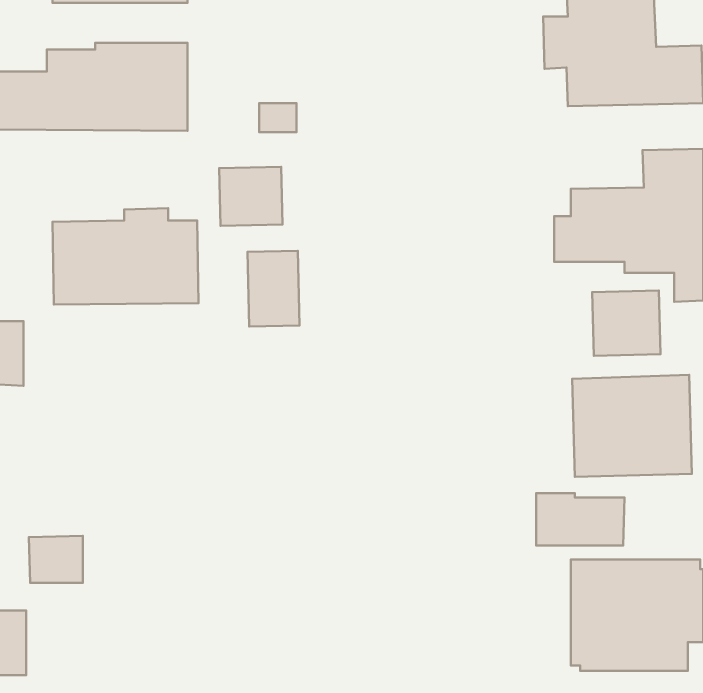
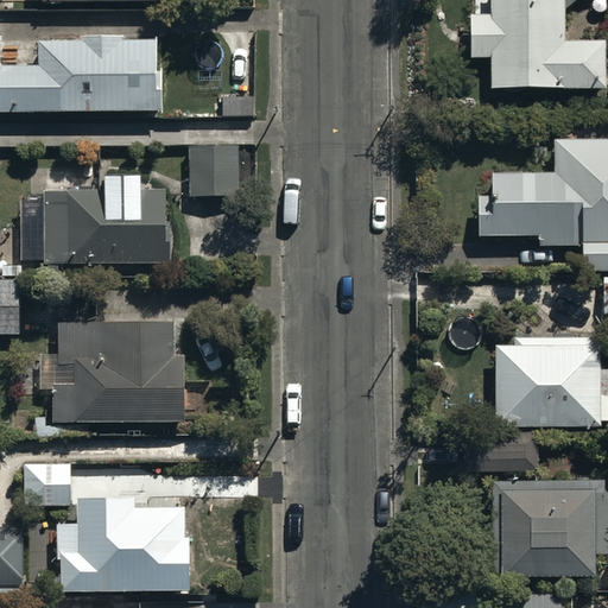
building: [248,251,300,326] -> none
building: [592,290,660,356] -> none
building: none -> [39,321,186,422]
building: none -> [62,499,192,590]

